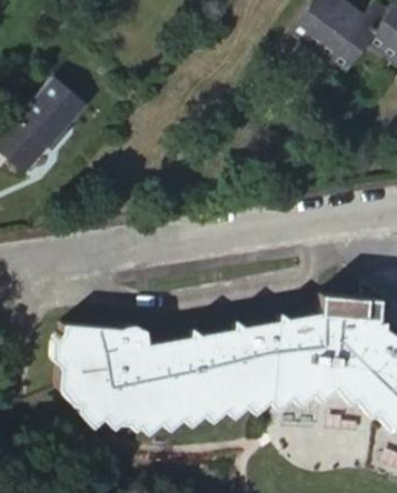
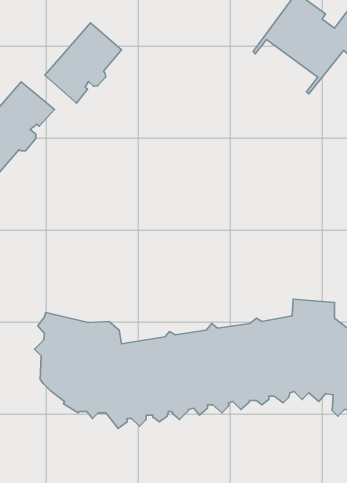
building: none -> [45,23,122,103]

